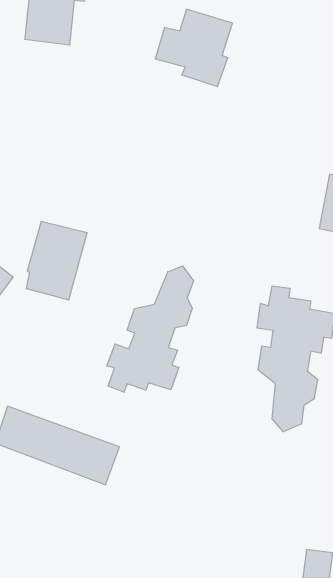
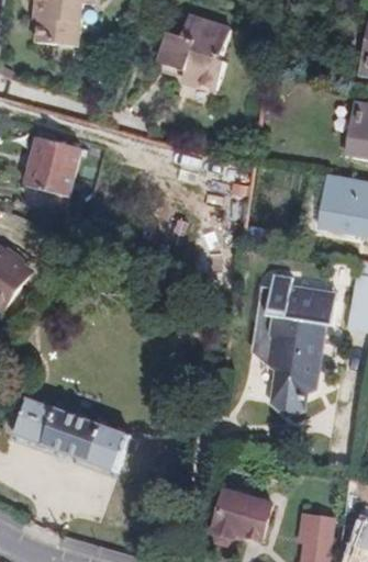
building: [26,221,87,300] -> [22,138,80,213]
building: [107,266,194,392] -> none
building: none -> [215,486,272,543]

